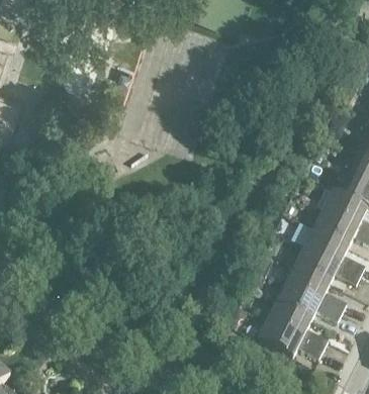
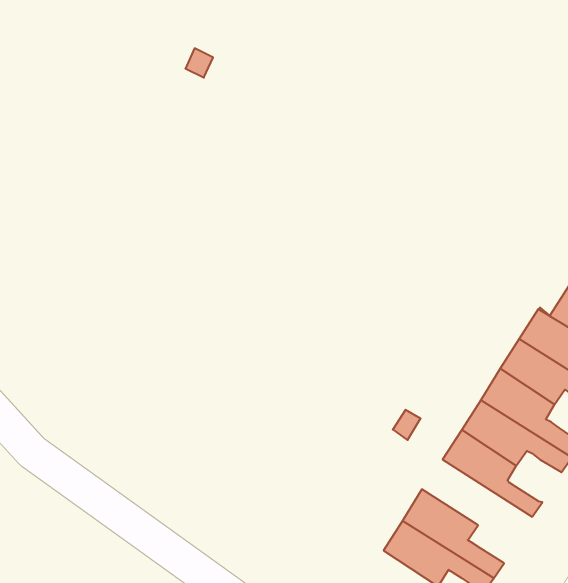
building: [277,284,342,320] -> none

